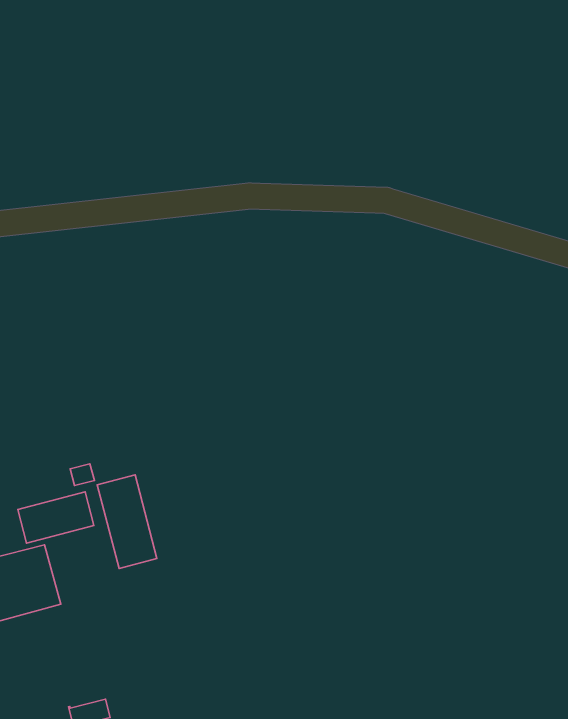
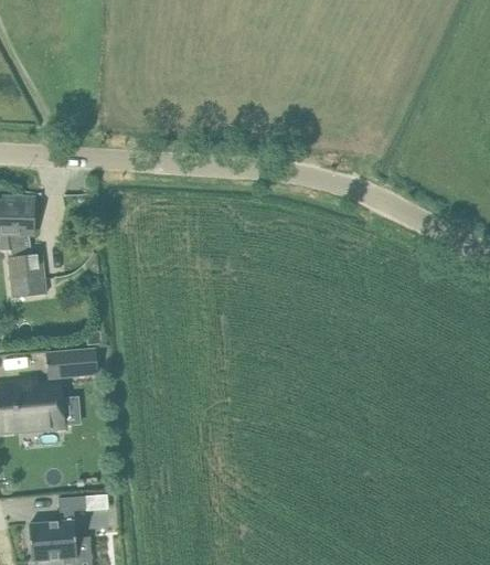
building: [97,475,157,568] -> none

